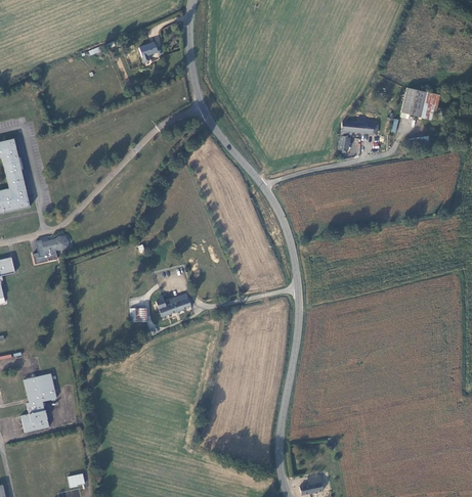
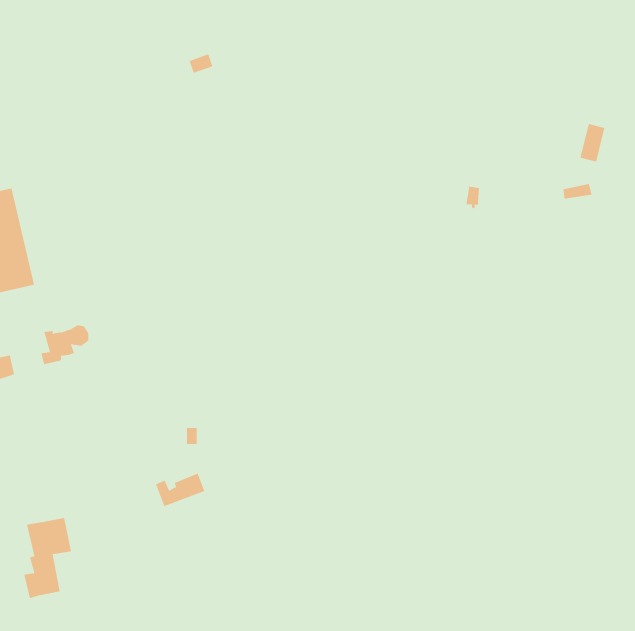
building: [401,86,427,116] -> none
building: [342,116,377,134] -> none
building: [156,292,191,317] -> [155,473,205,507]

